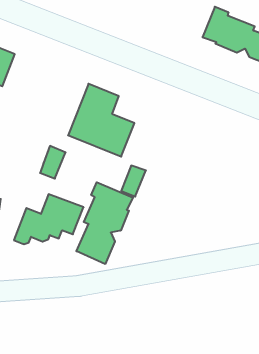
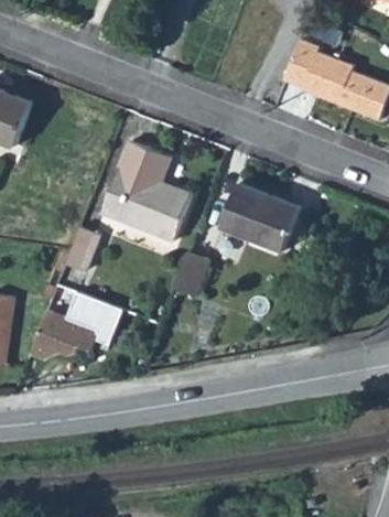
building: none -> [221,183,300,250]
building: [76,182,133,264] -> none

